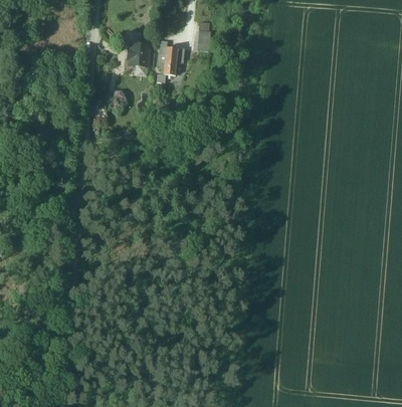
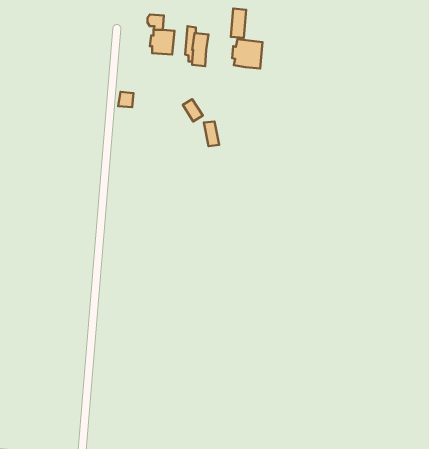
building: none -> [232,39,262,68]

